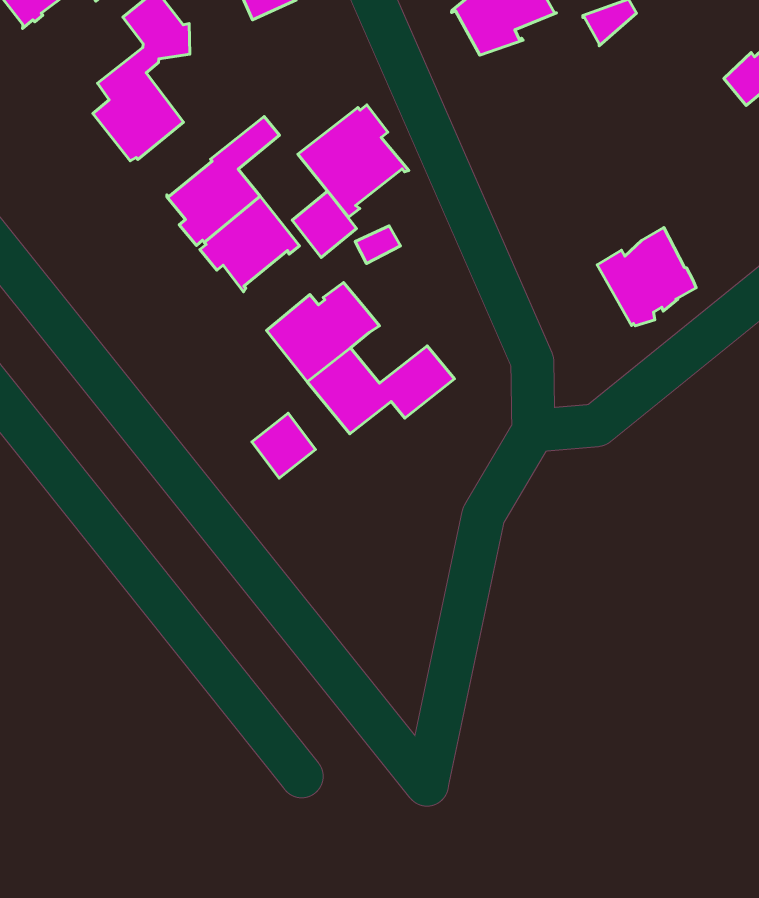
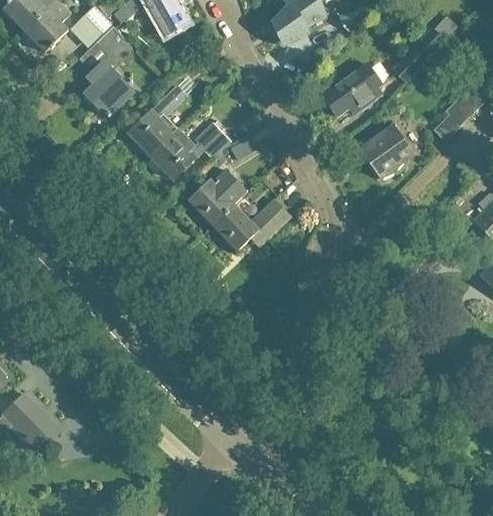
building: [298,105,409,217] -> none
building: none -> [323,64,381,116]
building: [252,413,315,478] -> none

